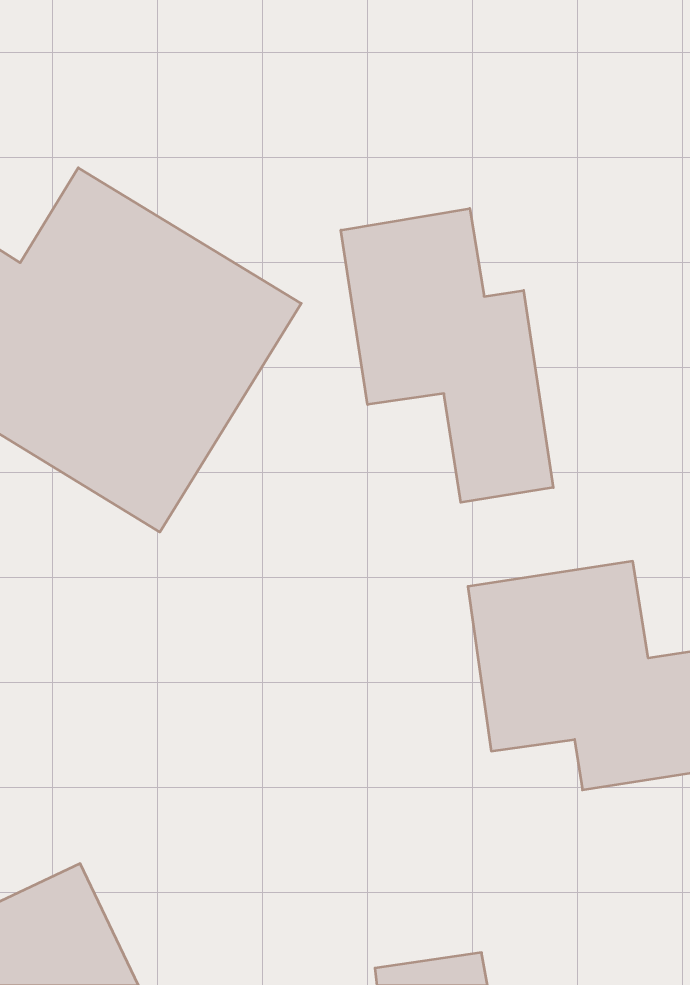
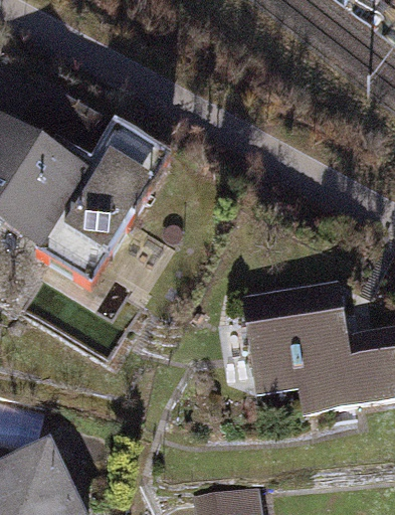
building: [341,208,553,502] -> none

